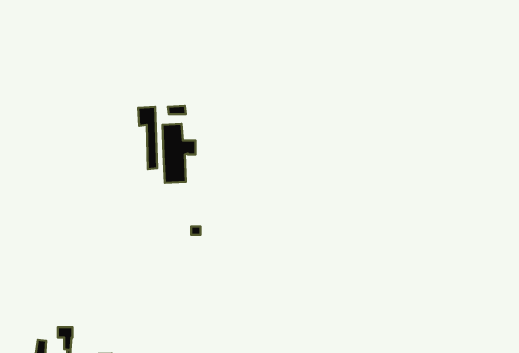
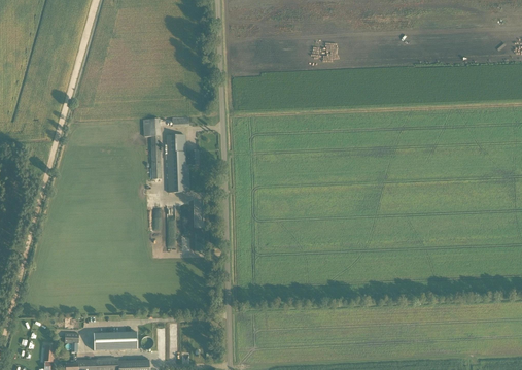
building: none -> [93,332,137,350]

